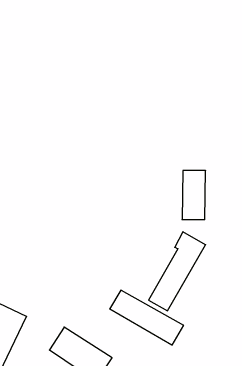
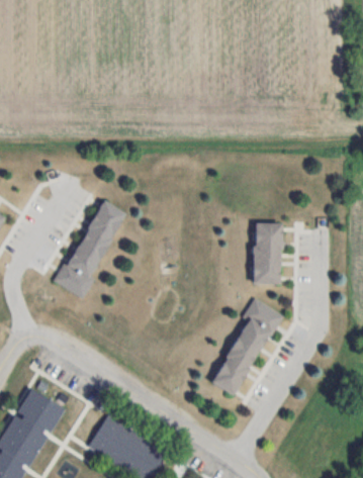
building: none -> [58,199,124,298]
building: [110,290,183,345] -> none

